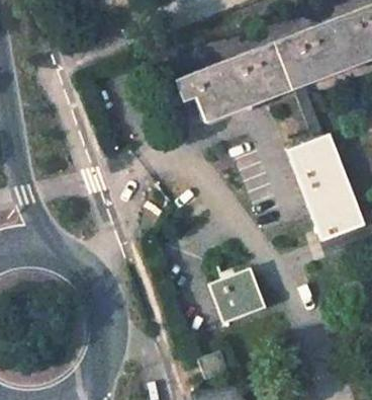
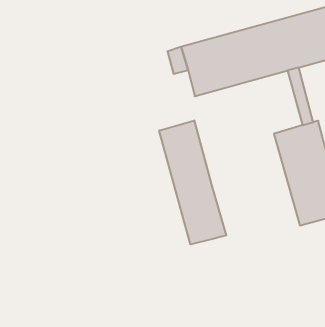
building: none -> [159,120,226,244]
building: [209,268,264,323] -> none

